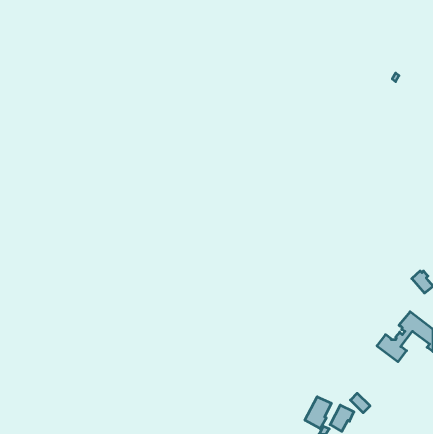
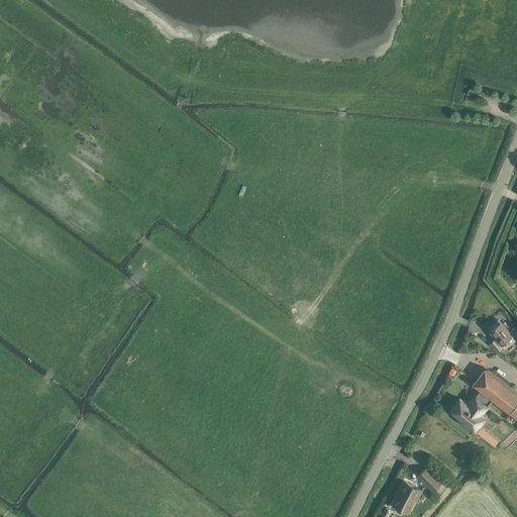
building: [305,397,331,429] -> none

